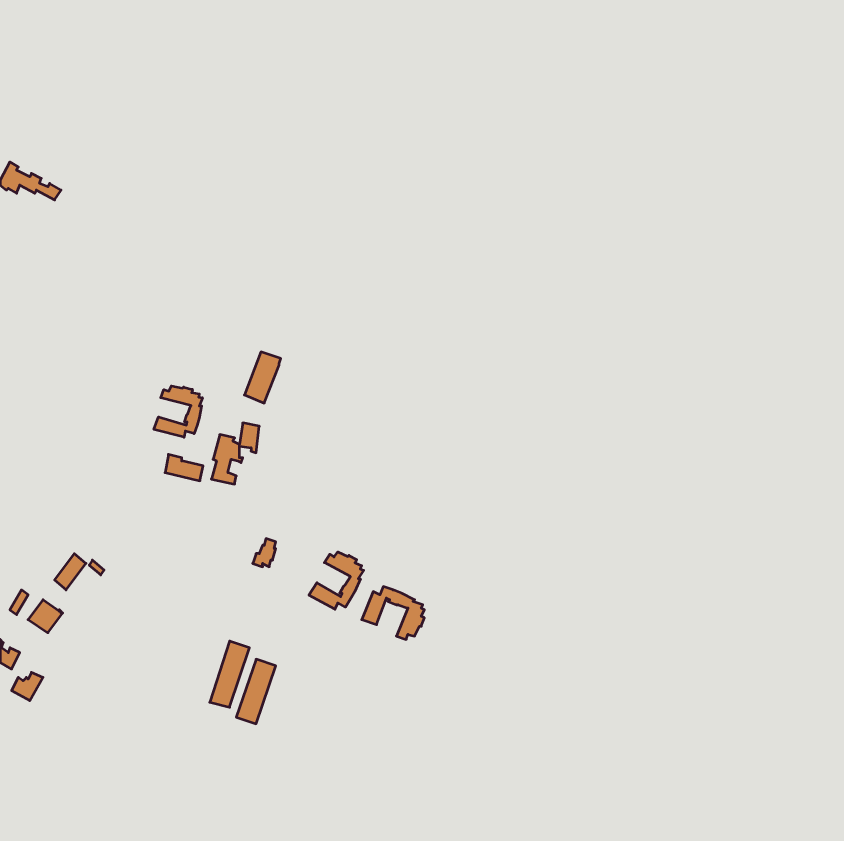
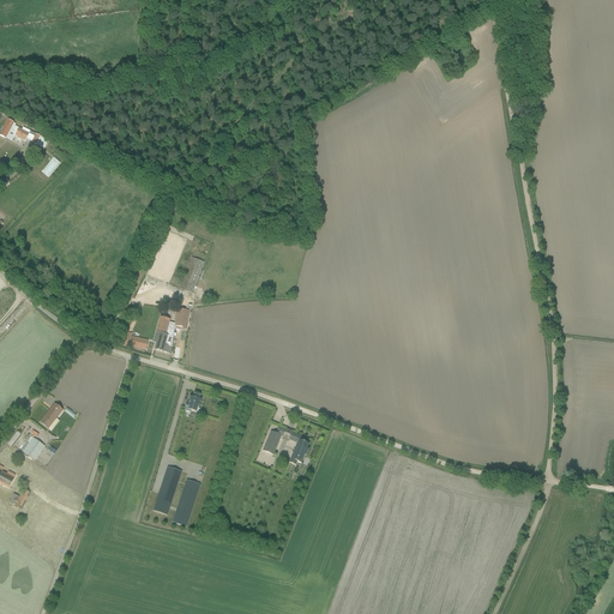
building: [154,386,202,437] -> none
building: [309,552,364,609] -> none

